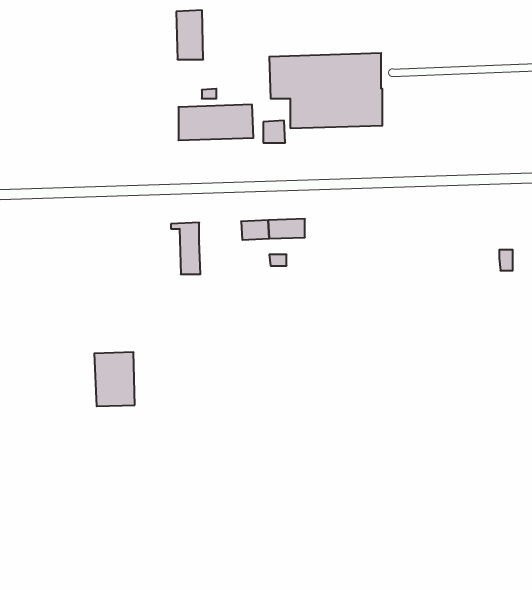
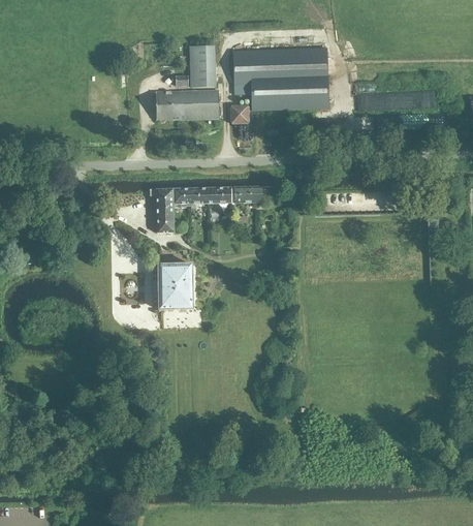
building: [176,10,203,59] -> [191,45,214,87]
building: none -> [174,188,210,205]
building: [94,352,135,406] -> [158,265,192,310]

